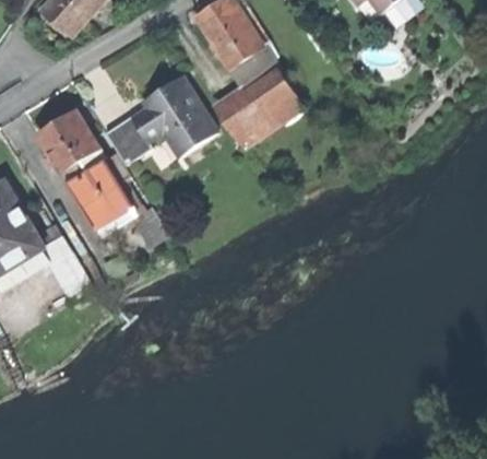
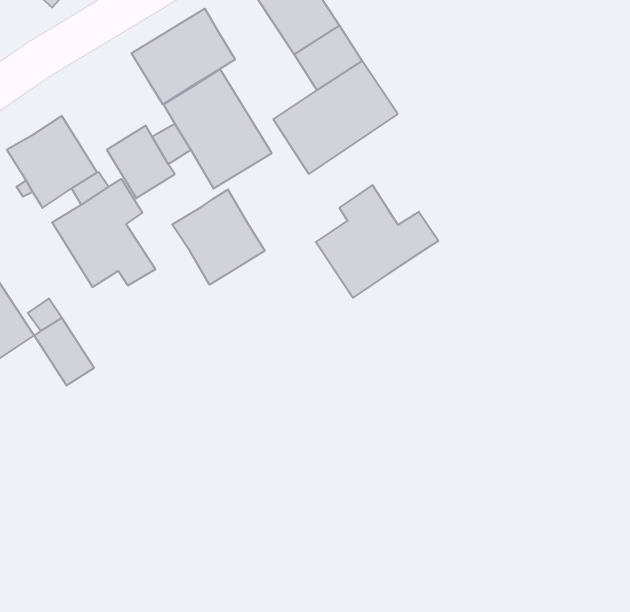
building: none -> [131,9,235,105]
building: none -> [316,185,438,298]
building: none -> [172,189,265,285]

